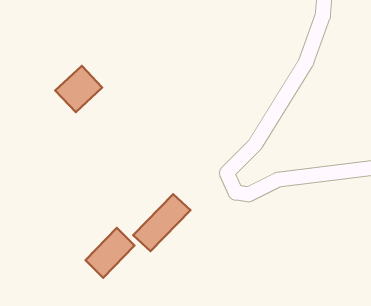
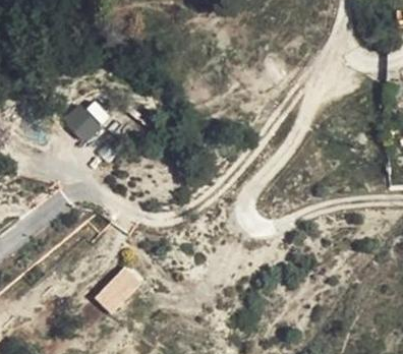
building: [133,194,190,251] -> none

